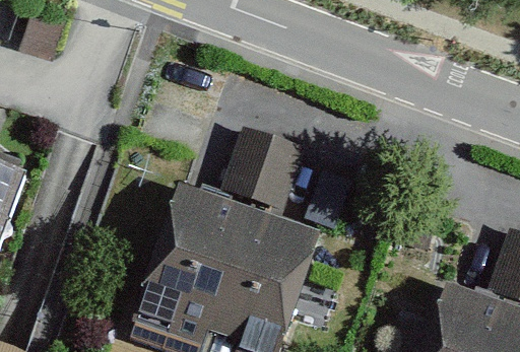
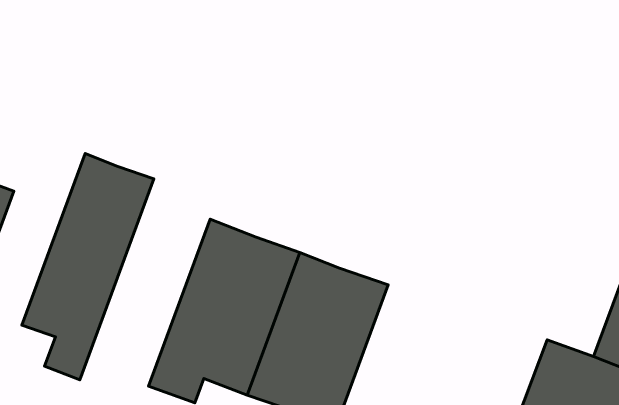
building: [217,137,310,233] -> none
building: none -> [22,154,154,380]

